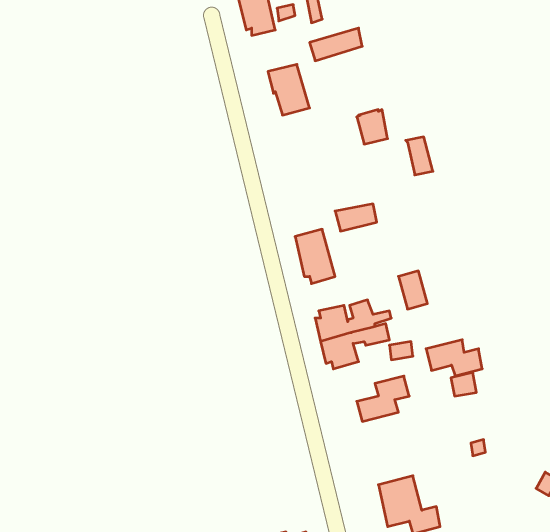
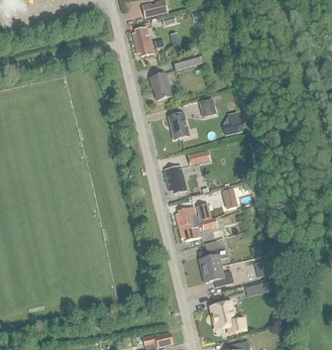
building: none -> [169,112,190,138]
building: [426,340,482,376] -> [202,265,233,285]

